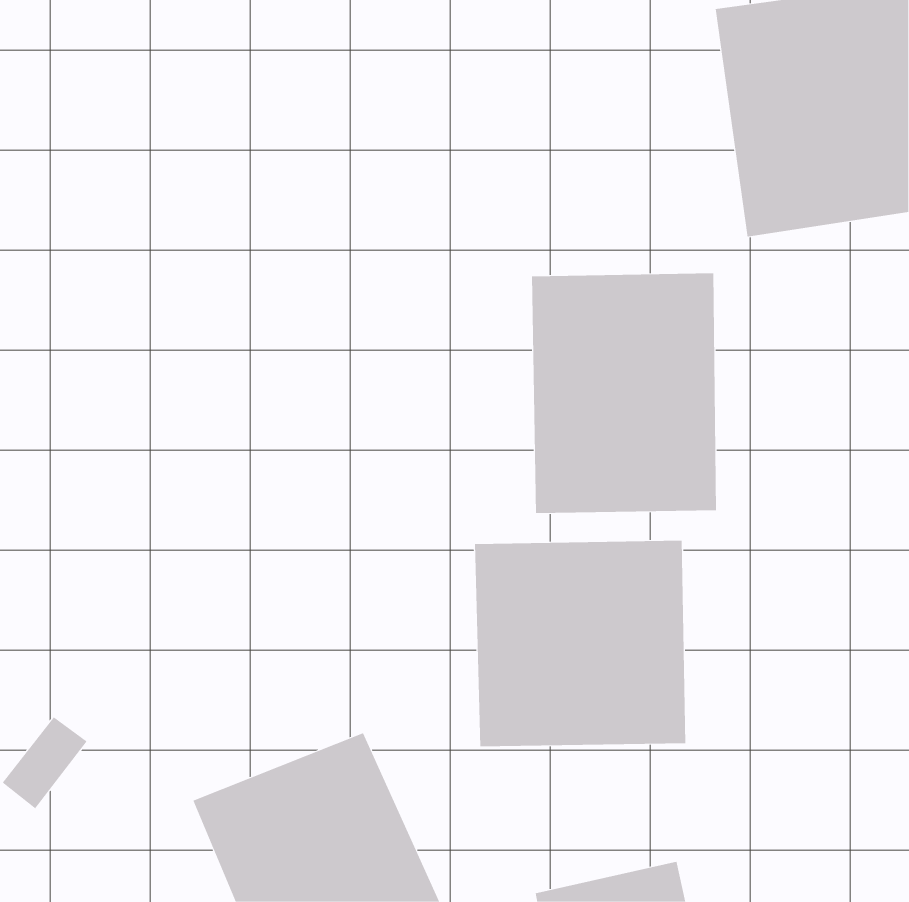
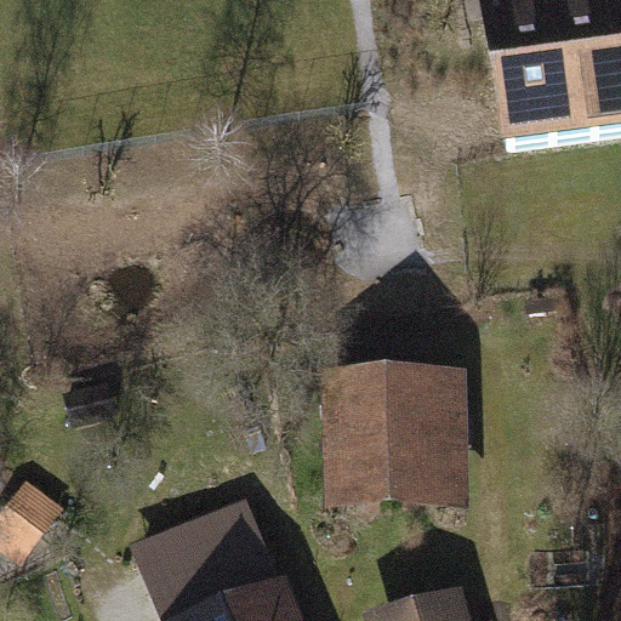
building: [531,273,716,514] -> none

